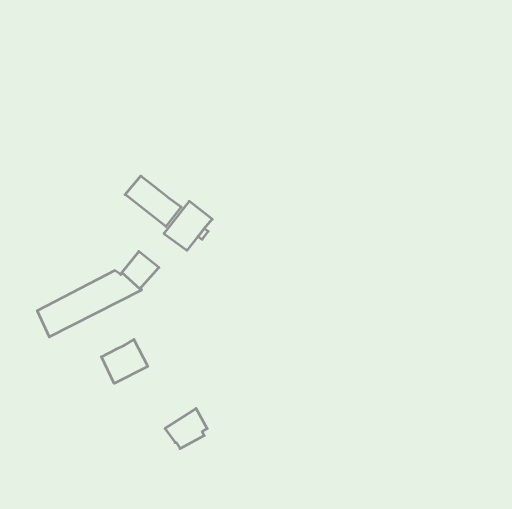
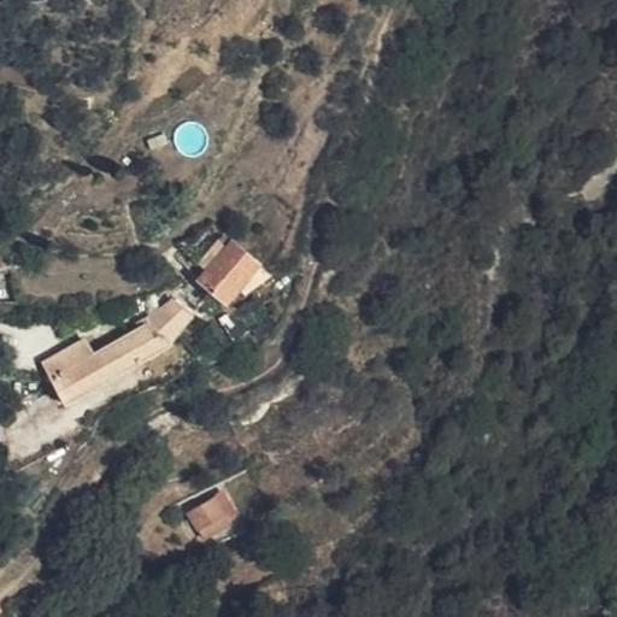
building: [125,176,181,227] -> none
building: [101,339,148,383] -> none

